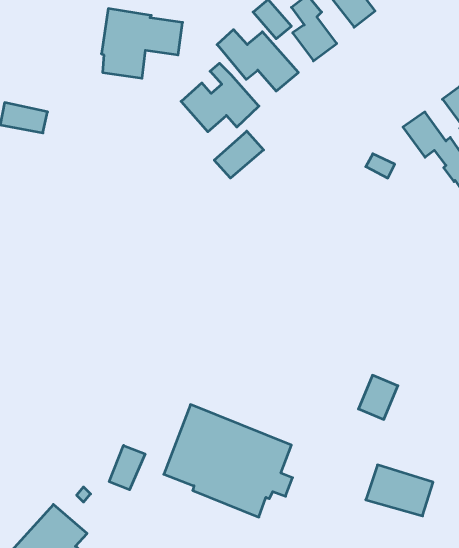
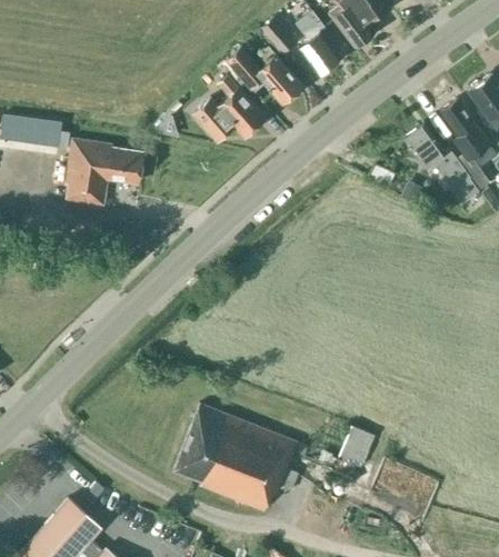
building: [101,9,183,78] -> [66,140,143,207]
building: [214,131,264,178] -> none
building: [358,375,398,419] -> [338,427,376,469]
building: [109,445,145,490] -> none

